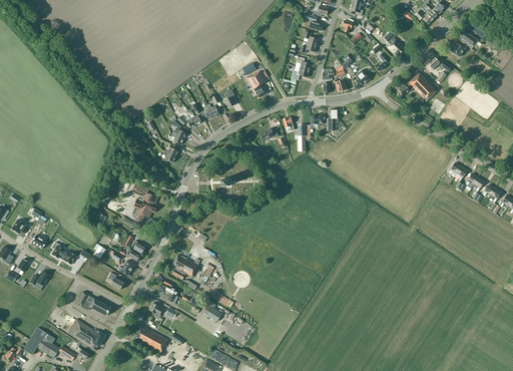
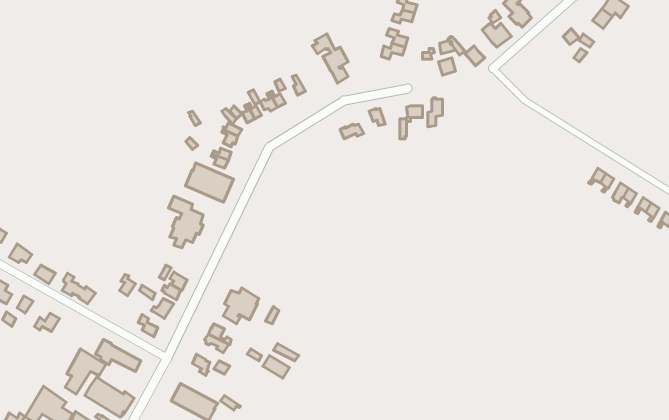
building: [398,71,436,101] -> none
building: none -> [186,163,233,202]
building: none -> [65,349,106,394]

